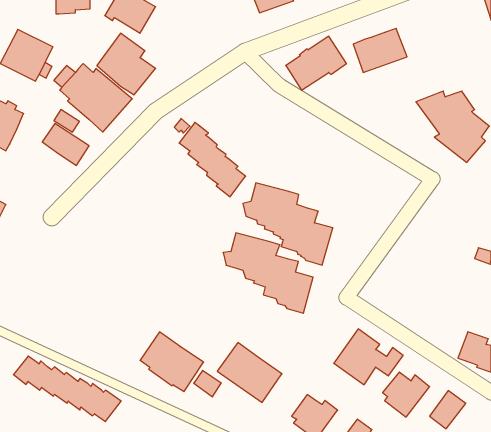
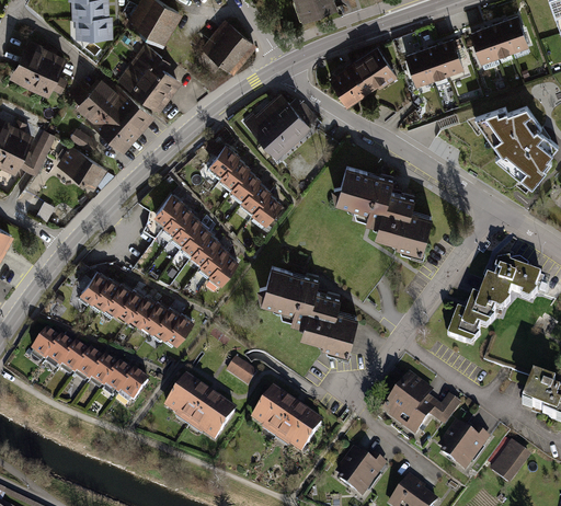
building: none -> [469,14,527,62]
building: none -> [73,15,112,39]
building: none -> [195,21,251,77]
building: none -> [243,92,316,159]
building: none -> [19,130,54,173]
building: none -> [154,193,239,285]
building: [243,183,333,265] -> [330,165,431,257]
building: none -> [446,258,542,345]
building: none -> [79,271,195,345]
building: [13,356,121,422] -> [30,331,150,404]
building: [194,370,221,397] -> [226,357,256,387]

